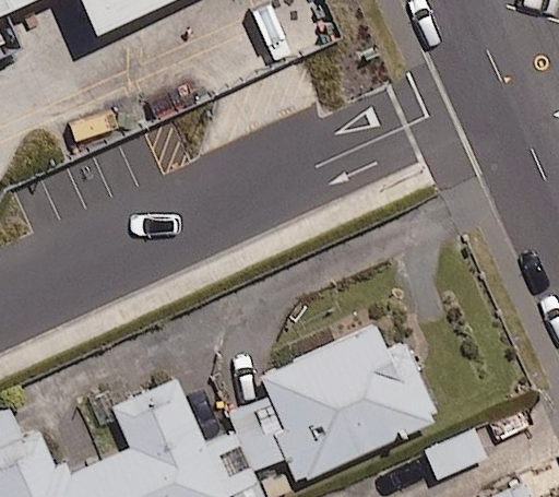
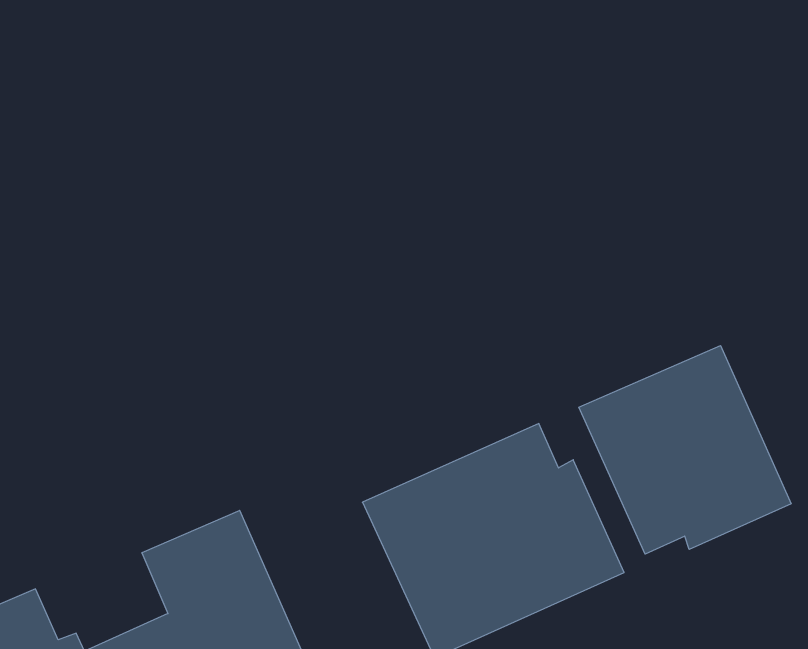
building: none -> [579,346,791,554]

